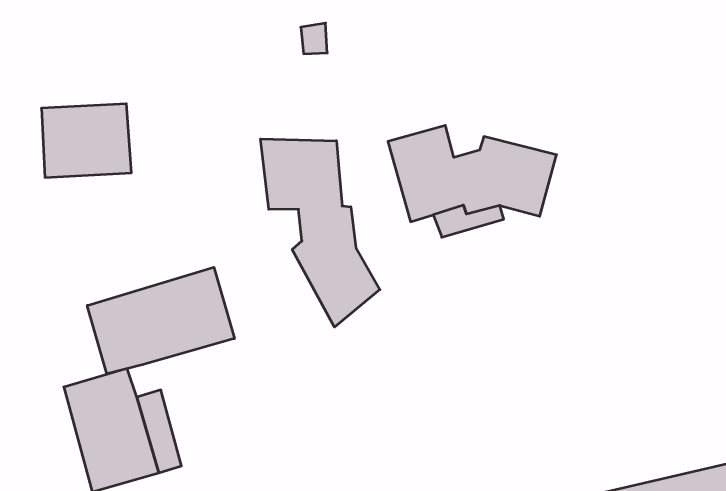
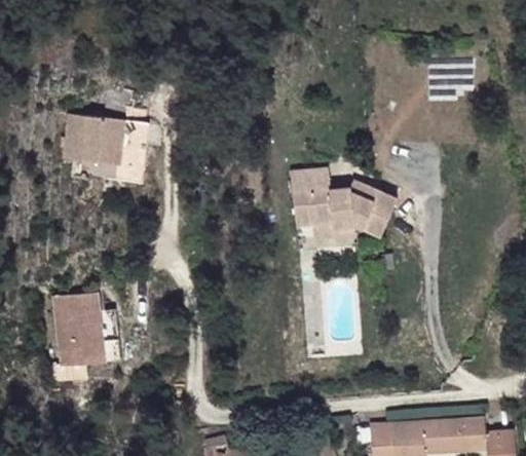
building: none -> [119,119,149,167]
building: [261,139,380,327] -> none
building: [87,267,234,374] -> none

